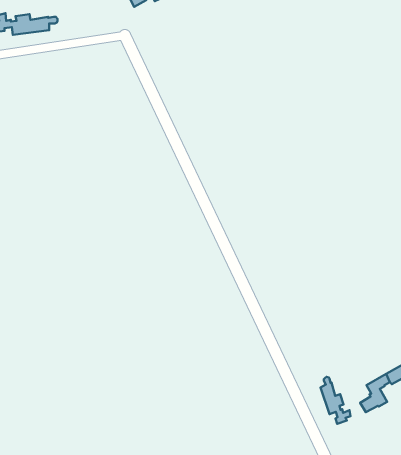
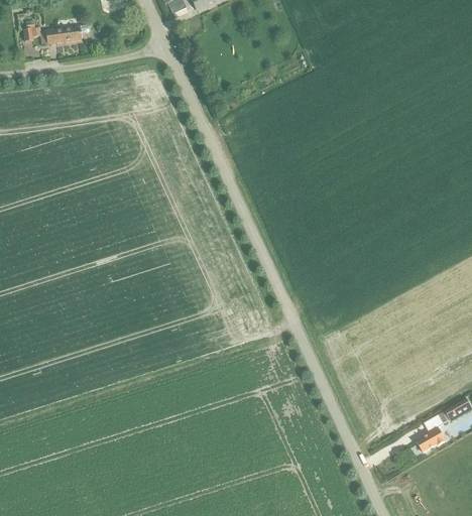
building: [320,377,350,424] -> none

